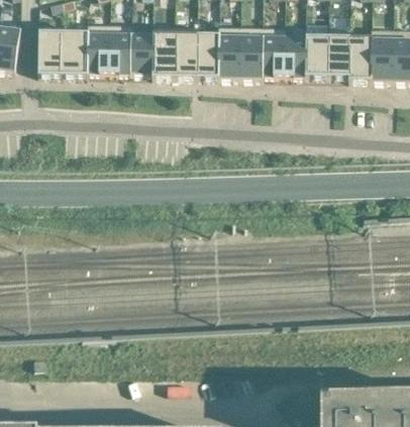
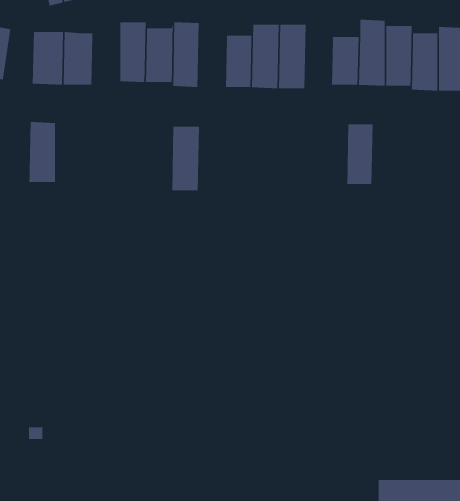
building: [87,19,109,73] -> [29,121,56,187]
building: [174,21,197,75] -> [171,126,200,191]
building: [262,22,284,76] -> [346,123,373,189]

